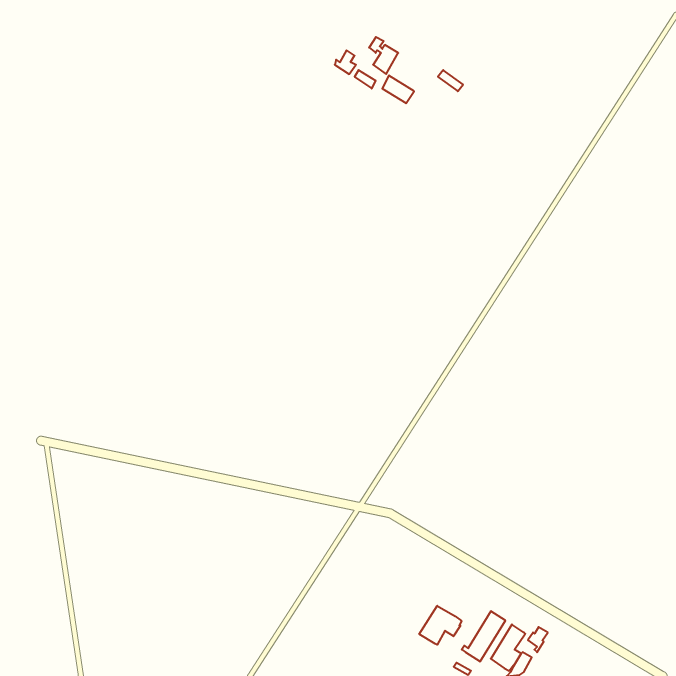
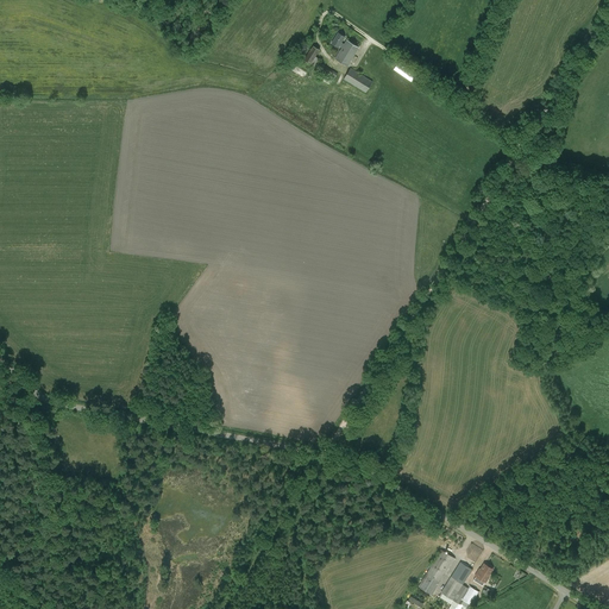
building: [419,606,461,645] -> none

